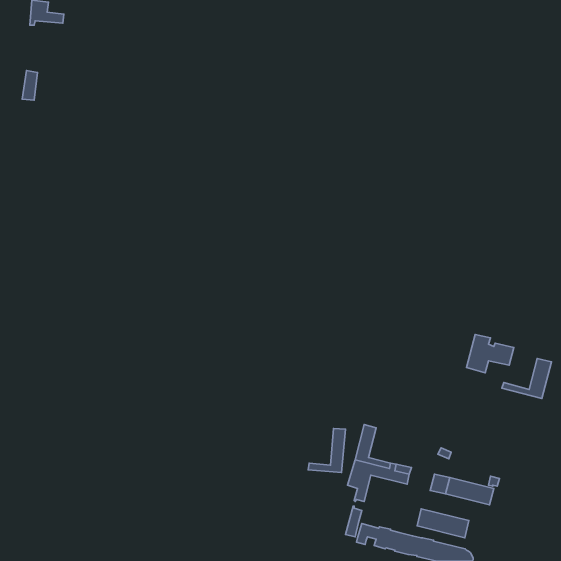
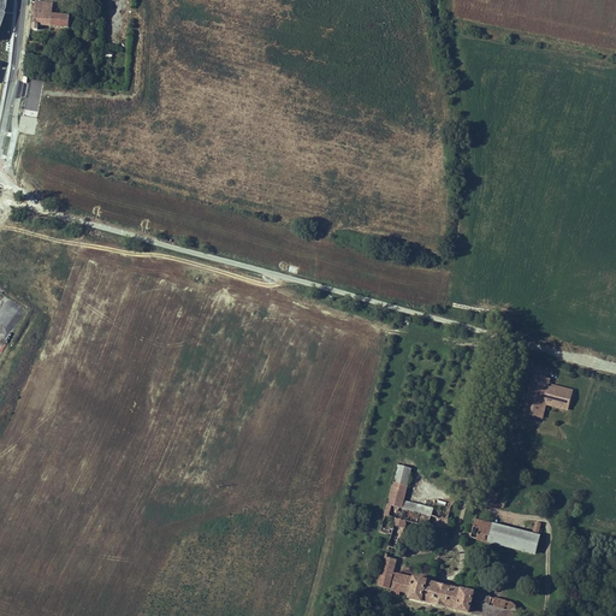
building: [502,358,551,398] -> none
building: [308,428,345,473] -> none
building: [417,509,469,538] -> none

